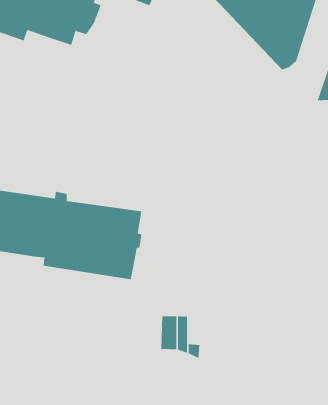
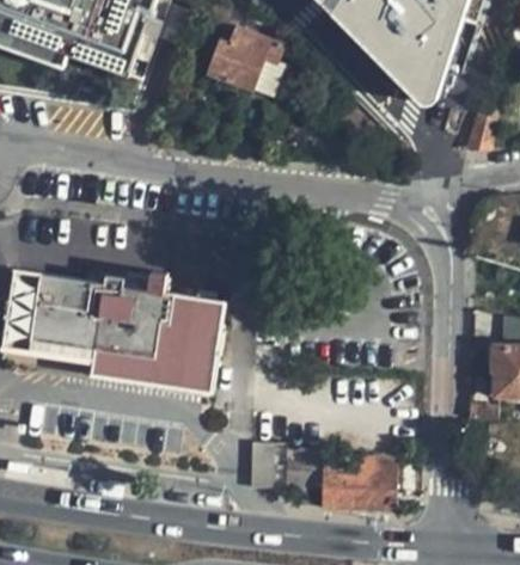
building: none -> [209,25,285,93]
building: none -> [322,454,398,509]

